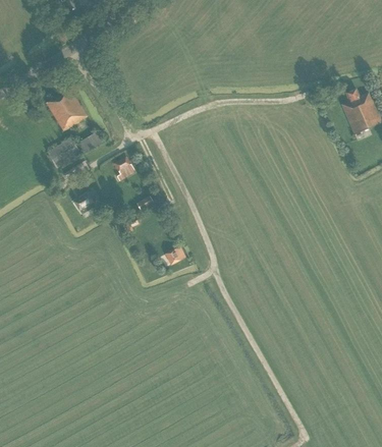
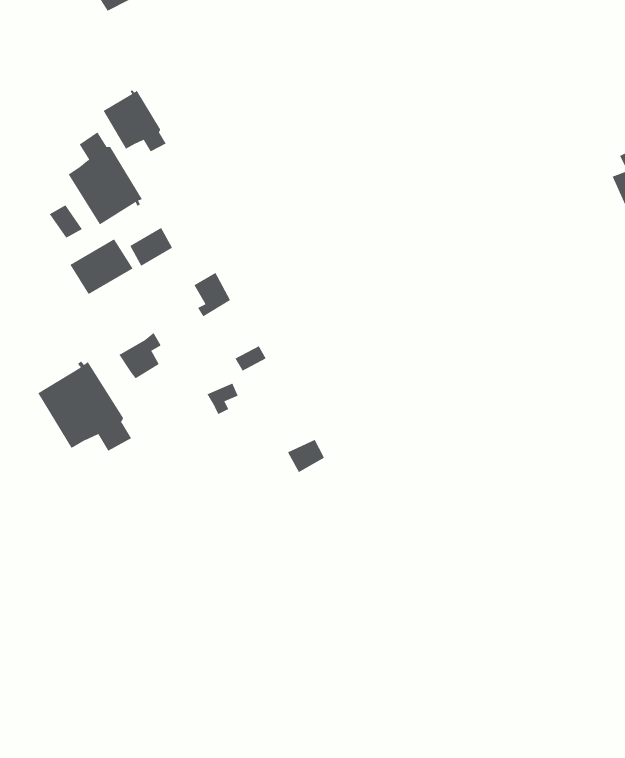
building: none -> [103,89,166,152]
building: none -> [37,360,132,451]

